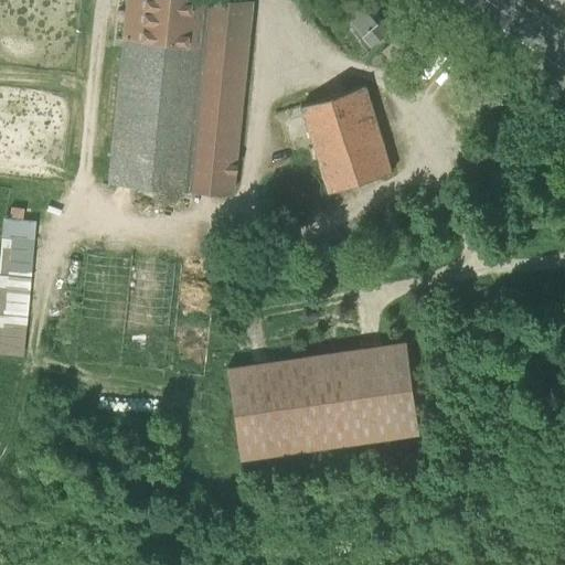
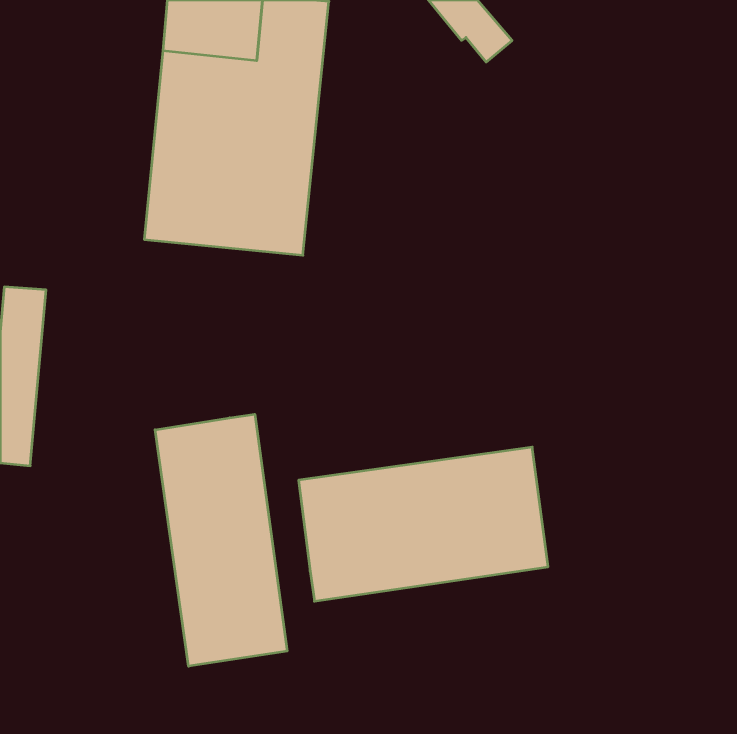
building: [302,88,393,195] -> none
building: none -> [155,414,287,666]

